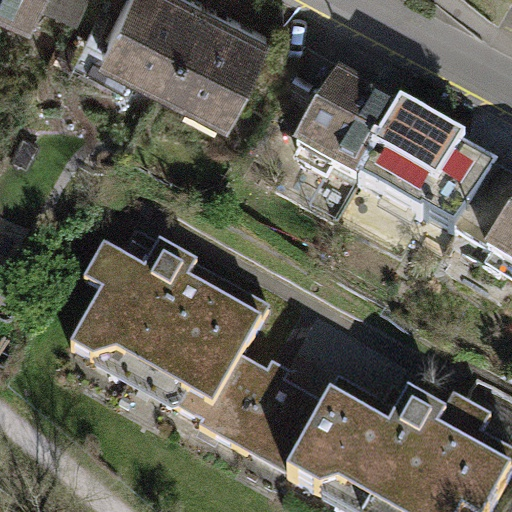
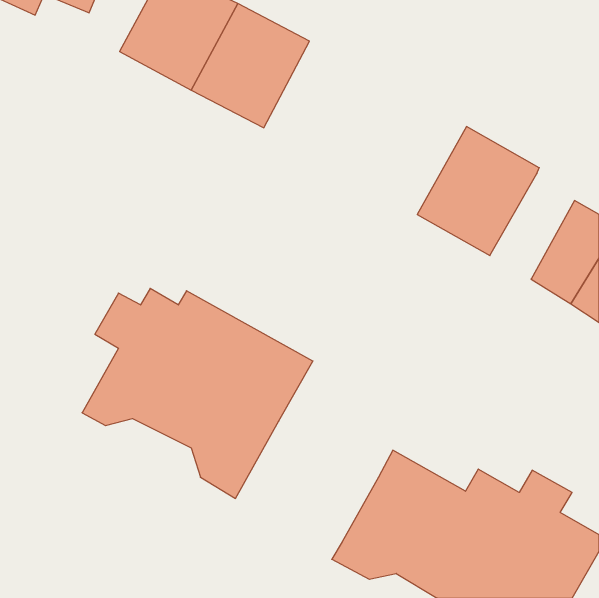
building: [296,75,398,183] -> none
building: [418,148,490,238] -> none
building: [198,359,323,462] -> none

